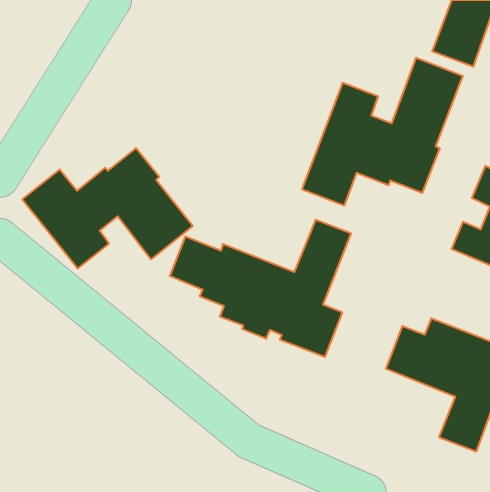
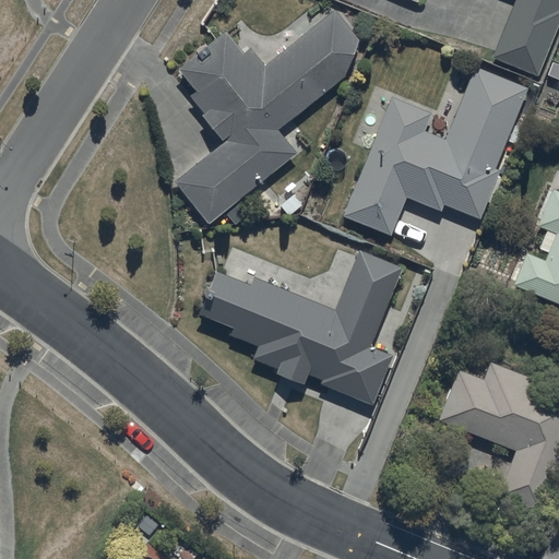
building: none -> [177,10,358,223]
building: [22,148,193,269] -> none

